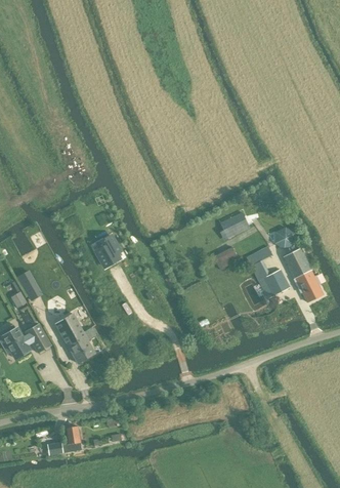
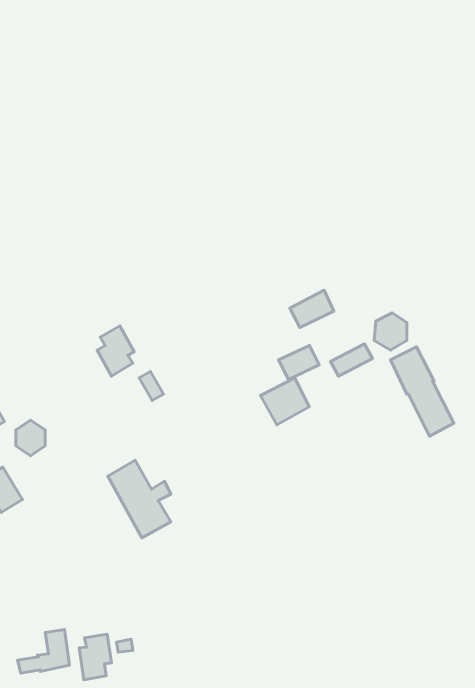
building: [257,269,288,298] -> [261,378,309,425]
building: [54,314,94,363] -> [108,460,171,538]
building: none -> [79,634,112,680]

